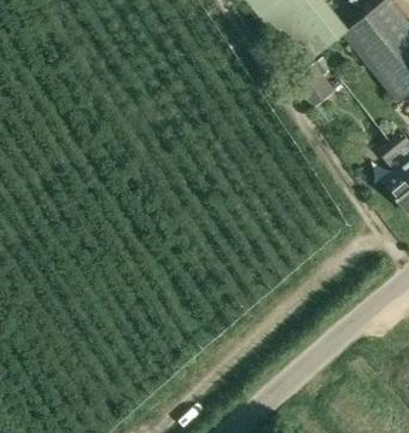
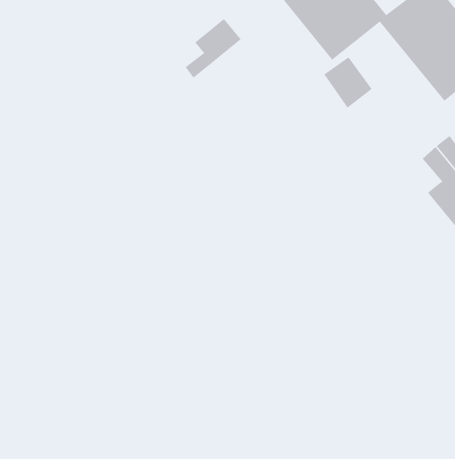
building: none -> [185,18,241,78]

